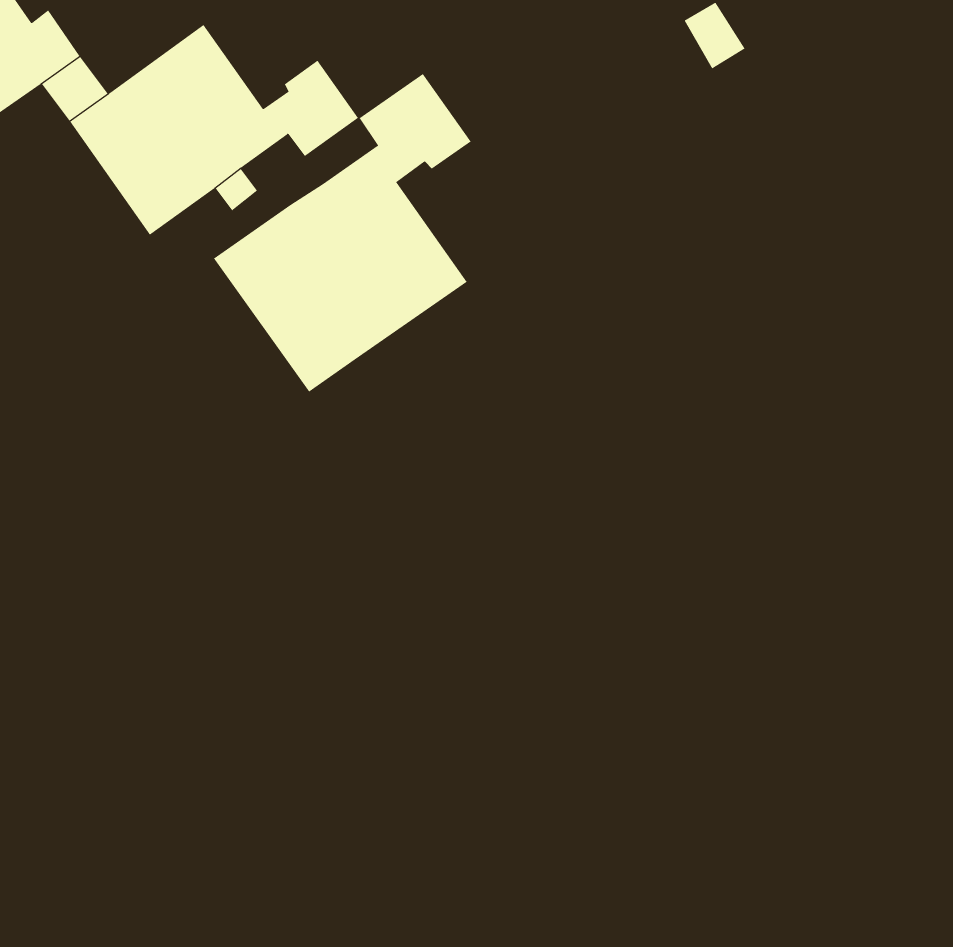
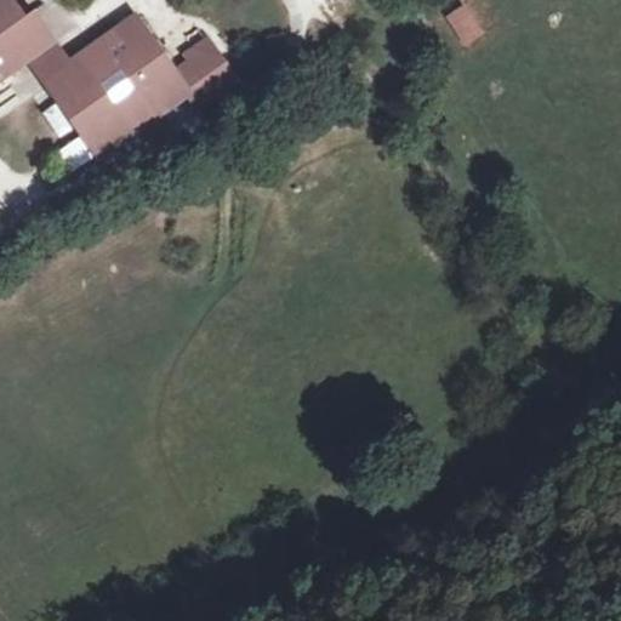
building: [213,73,471,392] -> none

